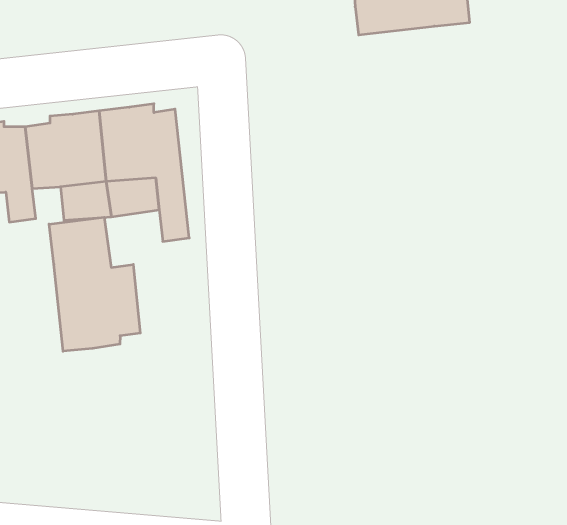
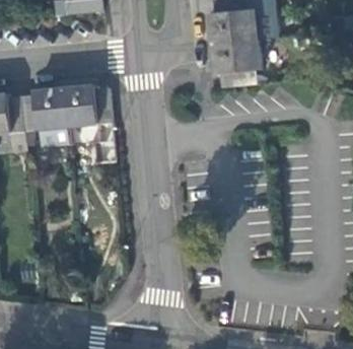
building: none -> [213,34,261,84]
building: [49,217,140,351] -> none

